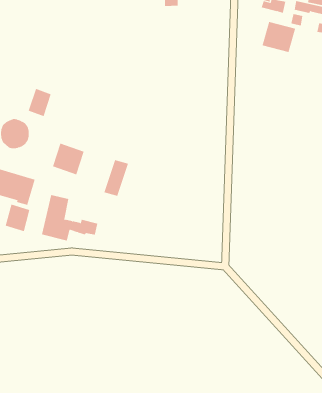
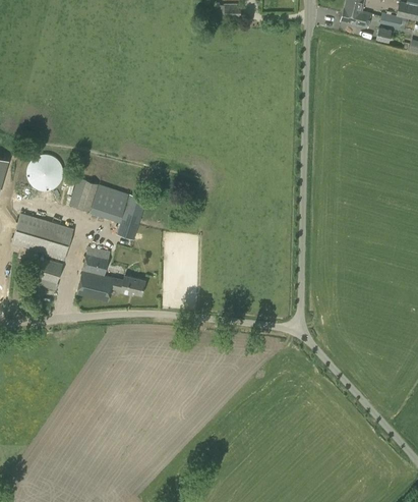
building: [262,21,296,53] -> none
building: [28,88,52,117] -> [70,177,99,212]
building: [103,159,129,197] -> [117,194,147,239]

